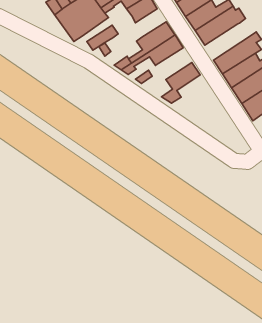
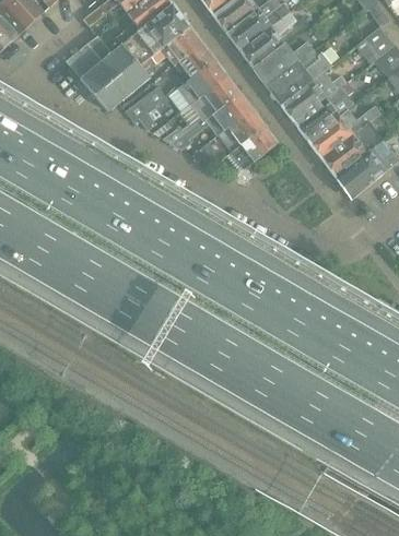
building: none -> [168,59,226,110]
building: none -> [280,70,344,121]
building: none -> [218,108,265,152]

